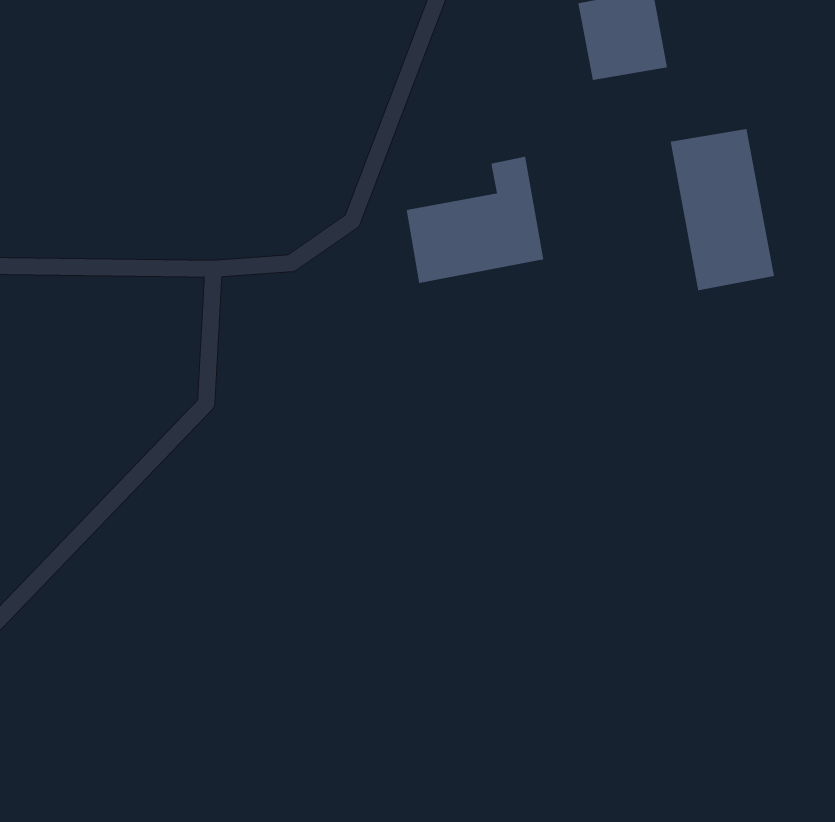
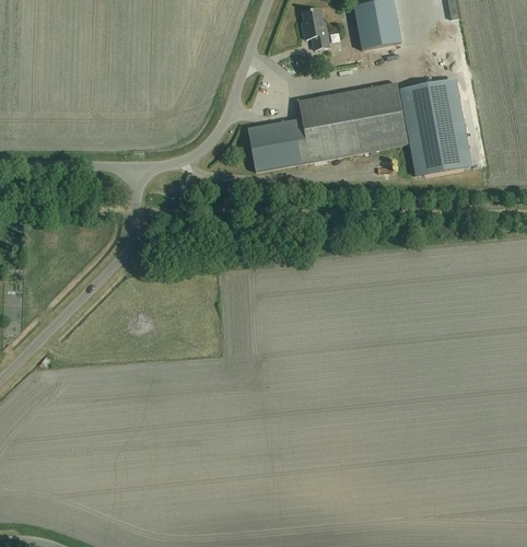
building: none -> [303,8,329,48]
building: none -> [319,82,408,156]

